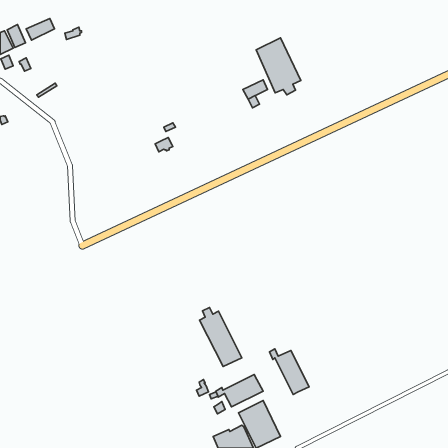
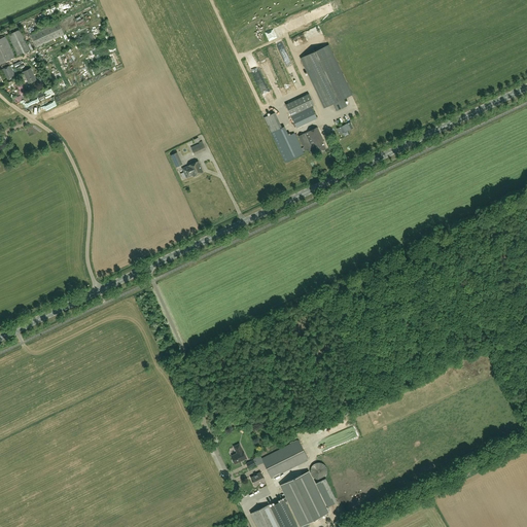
building: none -> [265,113,326,163]
building: [199,308,242,367] -> none
building: [270,349,309,394] -> none

